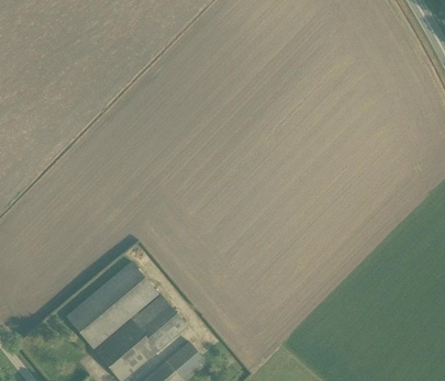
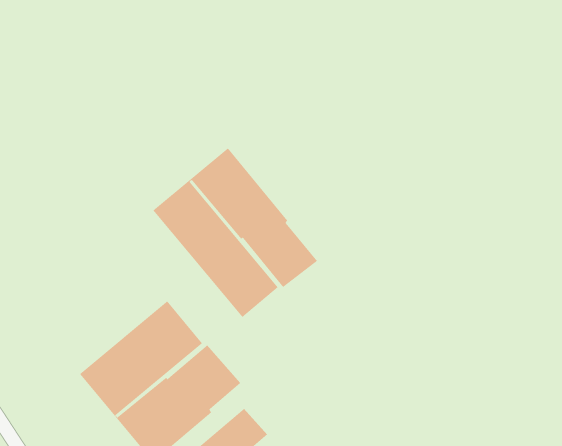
building: none -> [153,148,318,318]

